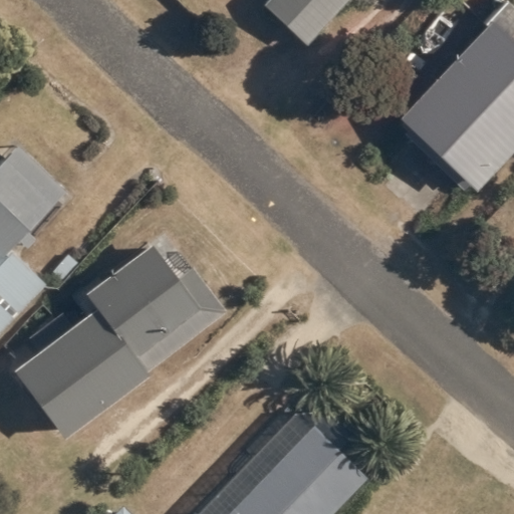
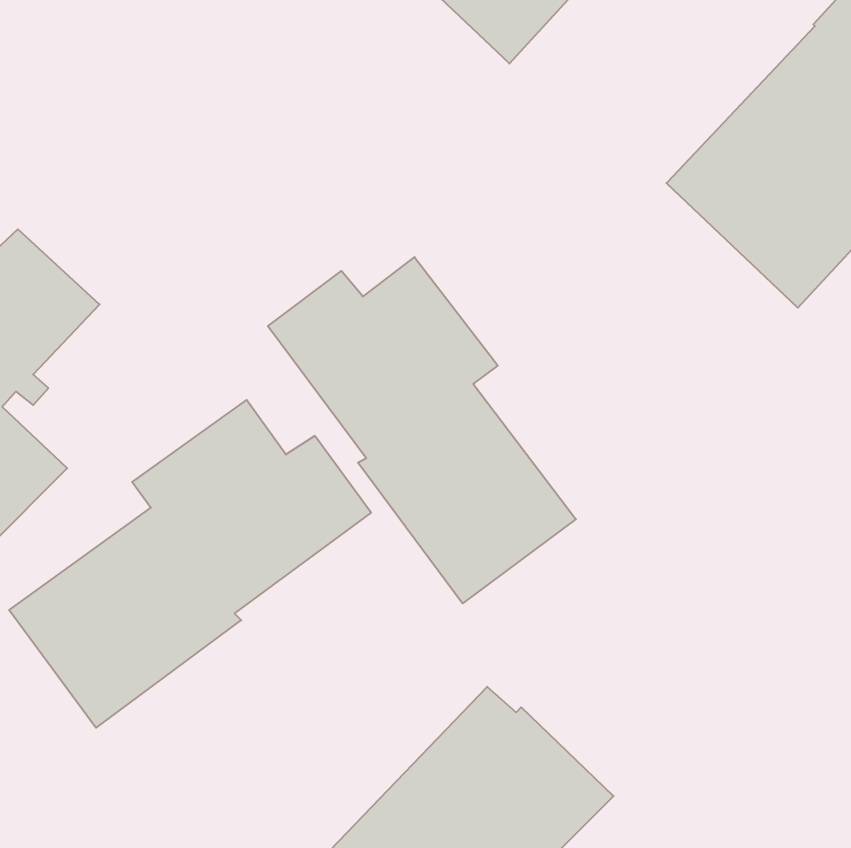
building: none -> [268,257,576,603]

